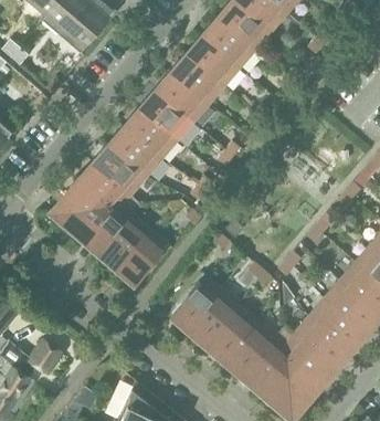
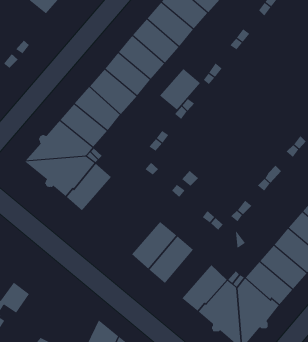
building: none -> [159,68,201,111]
building: [117,227,168,280] -> none
building: [207,305,256,357] -> none

